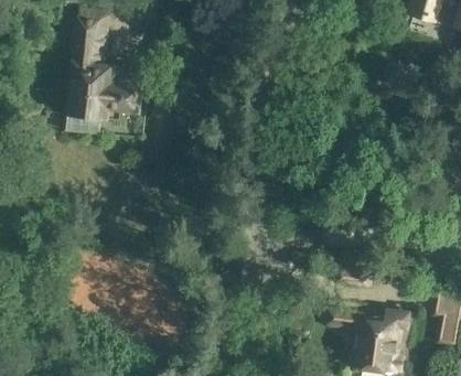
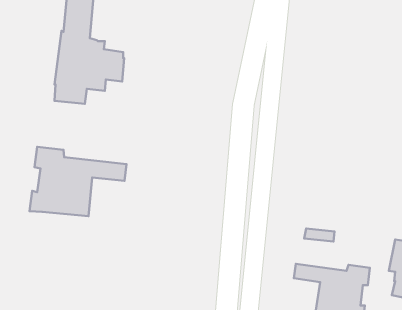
building: none -> [30,147,126,216]

